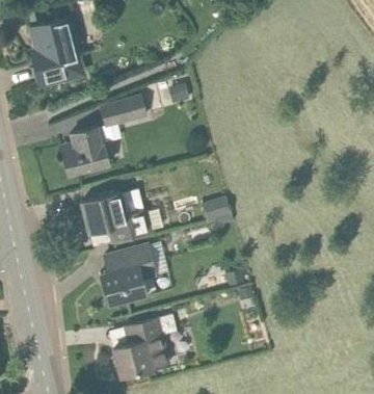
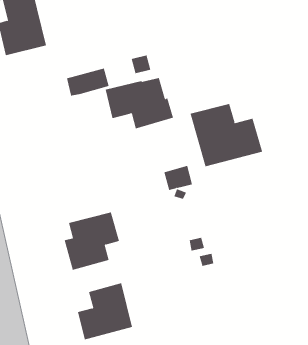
building: [59,128,109,176] -> none
building: none -> [190,103,263,167]
building: [82,190,153,243] -> [105,77,174,129]

